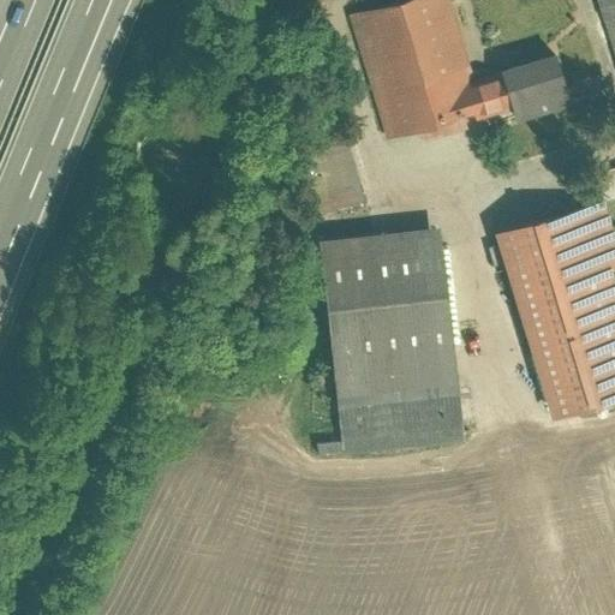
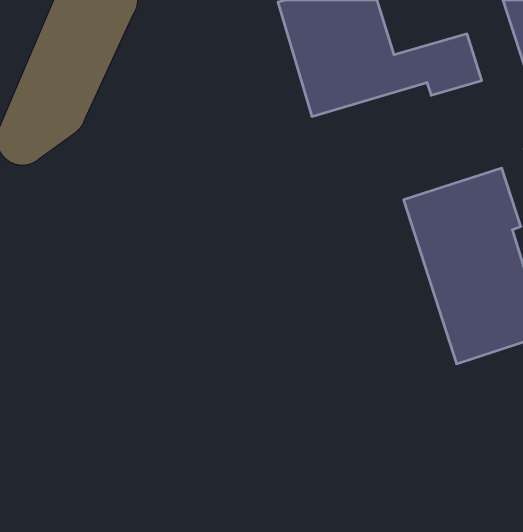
building: [309,232,450,455] -> none

